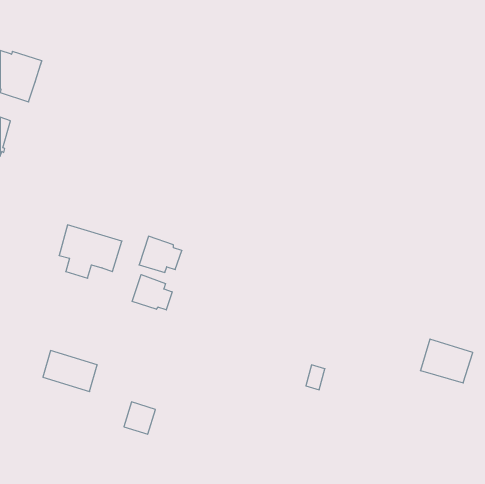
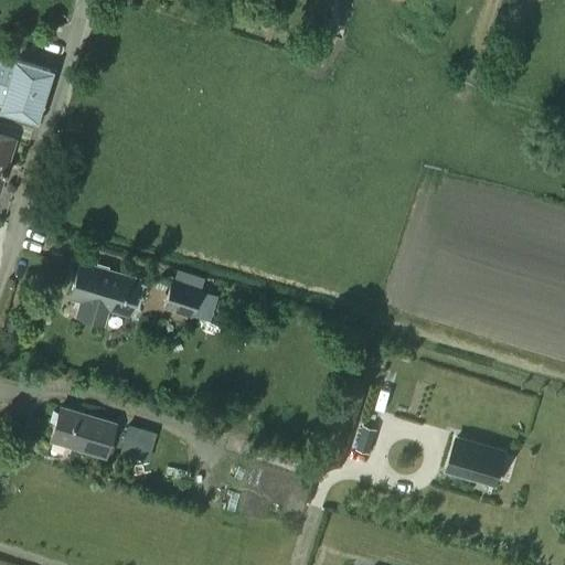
building: [132,275,172,310] -> none
building: [420,339,473,383] -> [447,437,508,488]
building: [124,402,155,434] -> [120,426,157,463]

